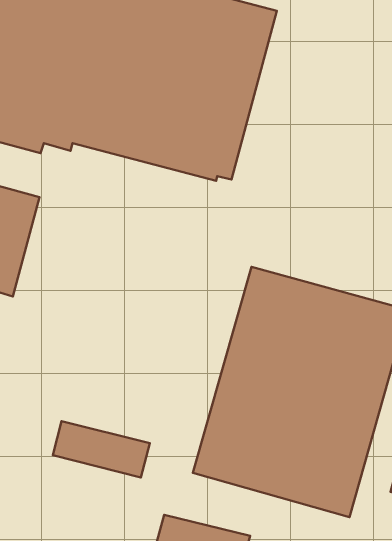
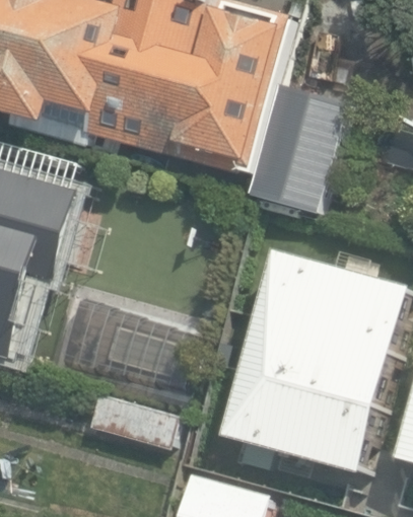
building: none -> [253,114,345,217]

